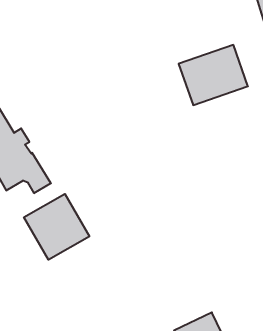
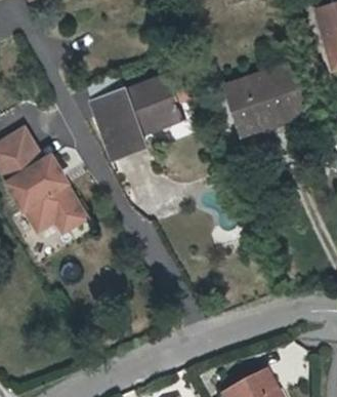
building: none -> [93,78,185,161]
building: [24,194,89,260] -> none

